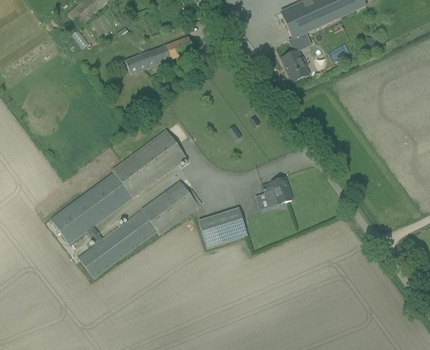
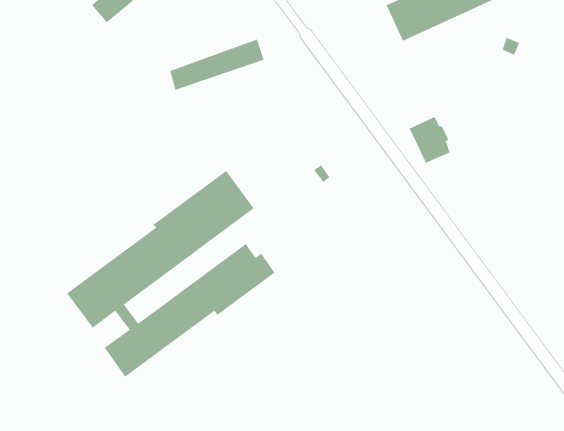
building: [279,49,309,83] -> [409,116,451,164]
building: [262,177,291,207] -> none
building: [198,208,247,247] -> none

